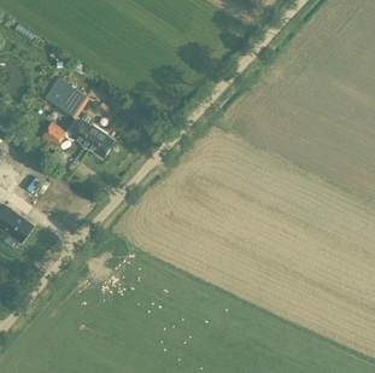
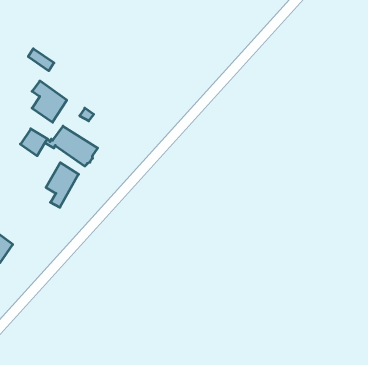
building: none -> [46,163,79,207]

